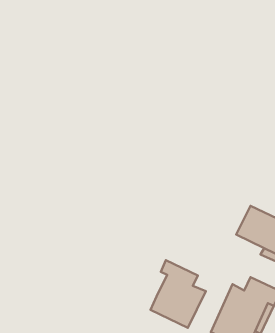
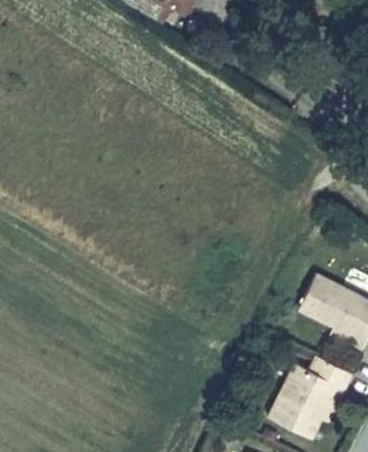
building: [150,260,206,328] -> none

